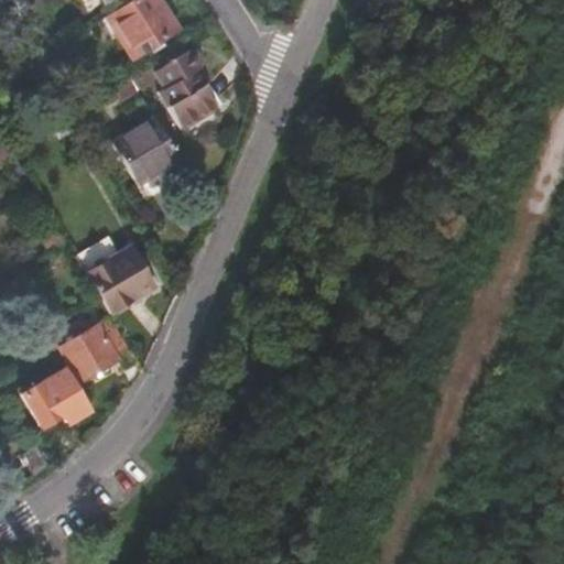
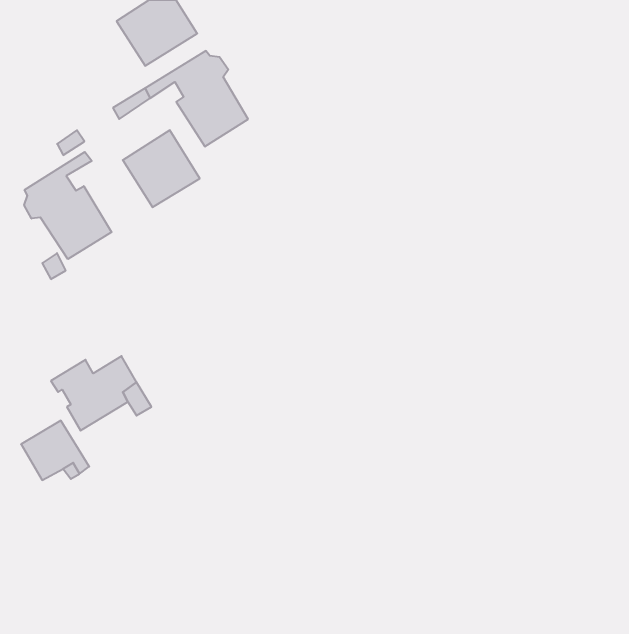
building: none -> [24,152,112,259]
building: [86,246,156,313] -> none

